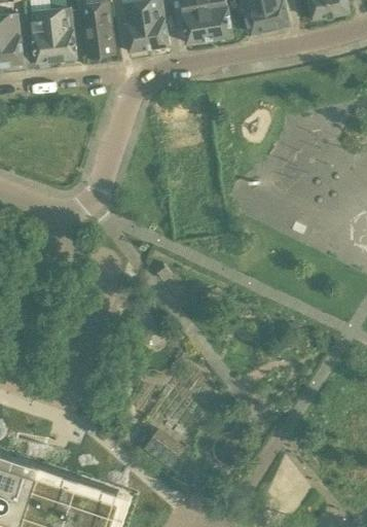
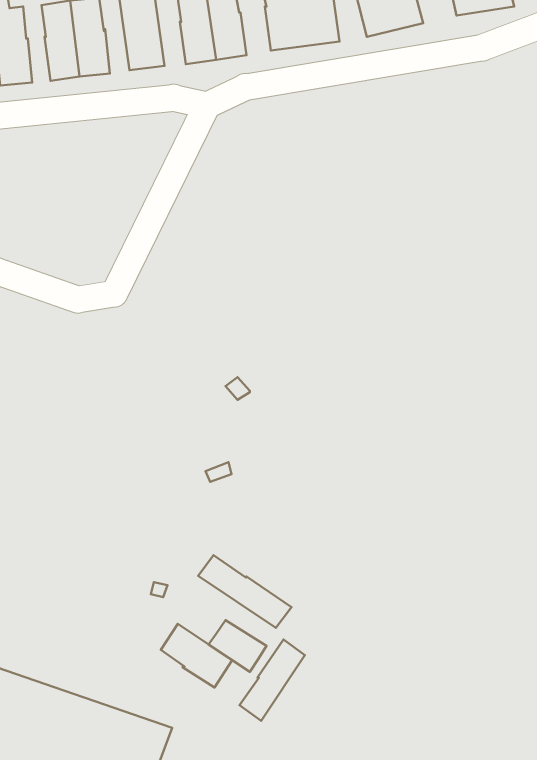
building: none -> [198,555,291,628]
building: none -> [161,624,232,688]
building: none -> [240,639,305,721]

